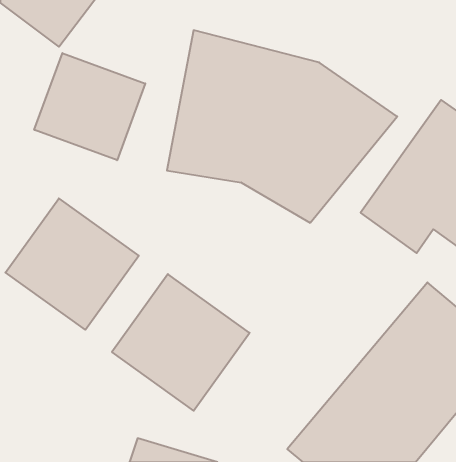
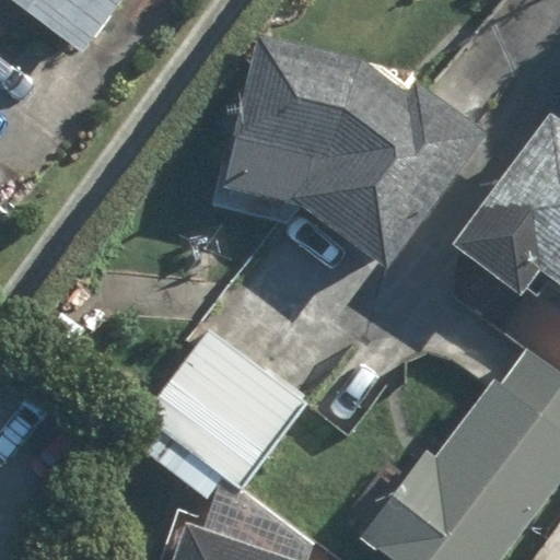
building: [34,53,145,160] -> none
building: [5,198,139,330] -> none

